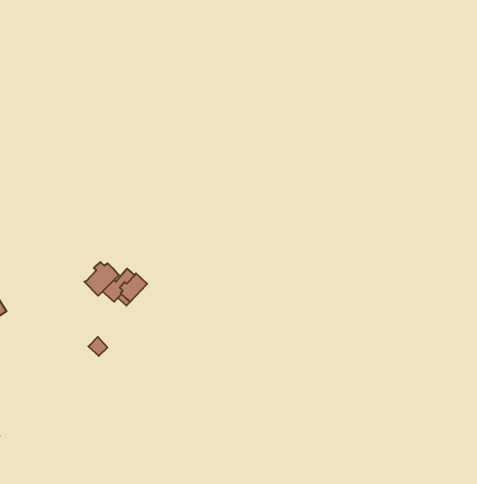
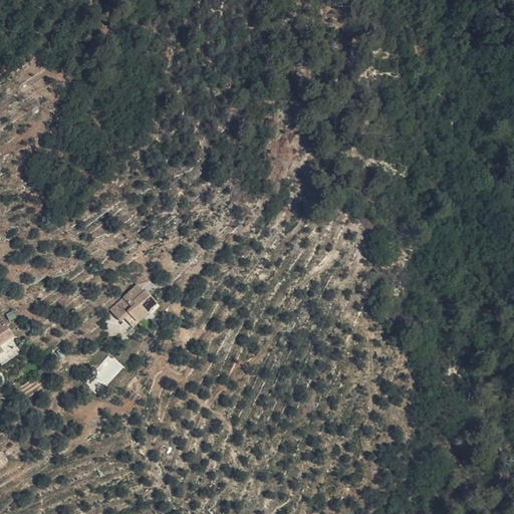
building: [84,262,119,296] -> none

